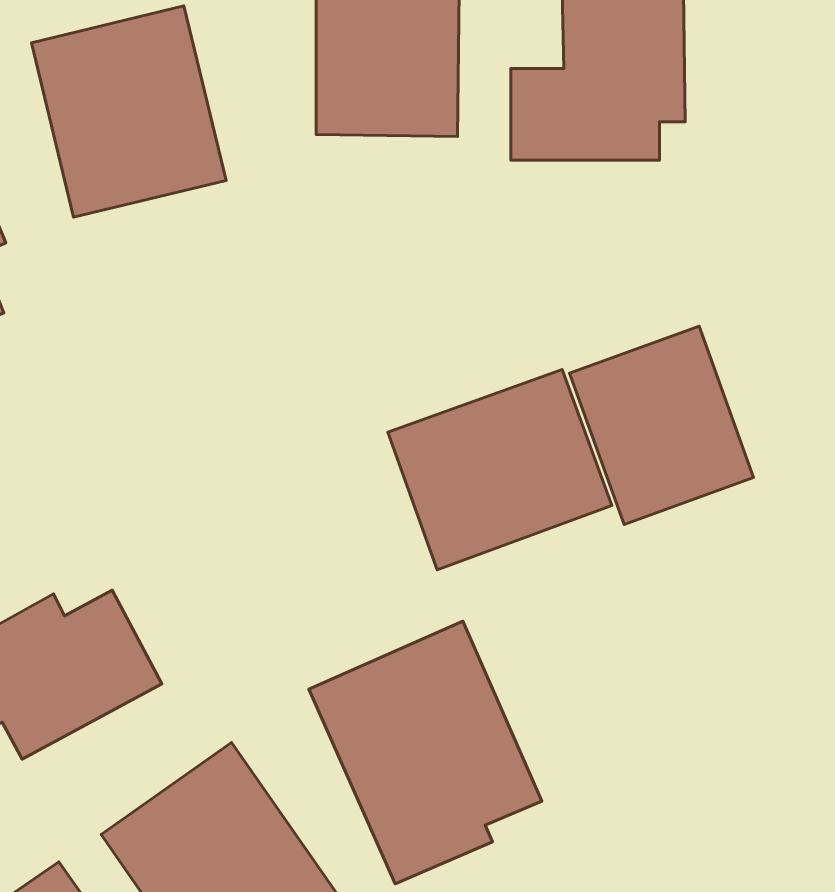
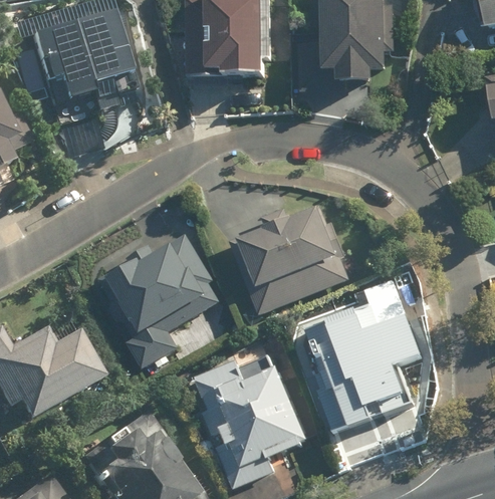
building: [570,326,754,524] -> none
building: none -> [94,233,221,365]
building: none -> [303,301,430,445]

